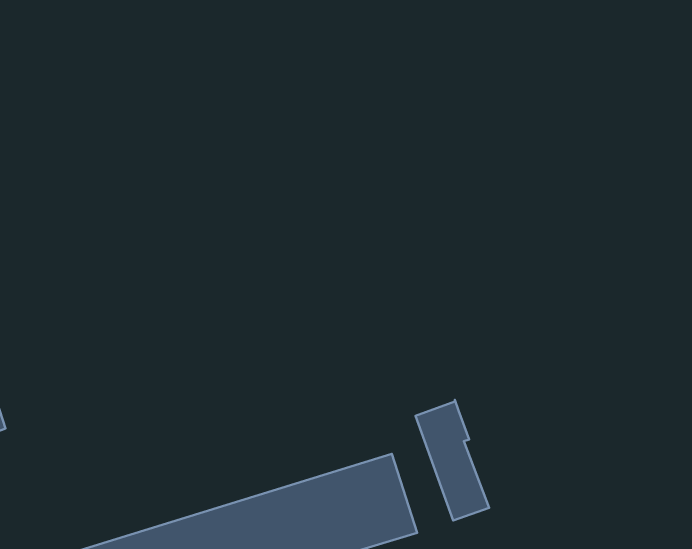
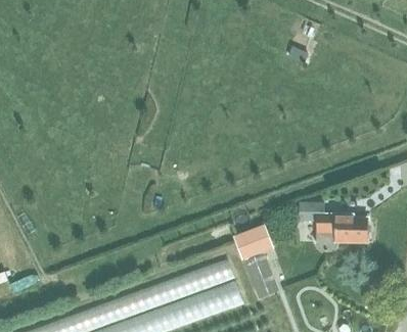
building: none -> [304,206,369,250]

